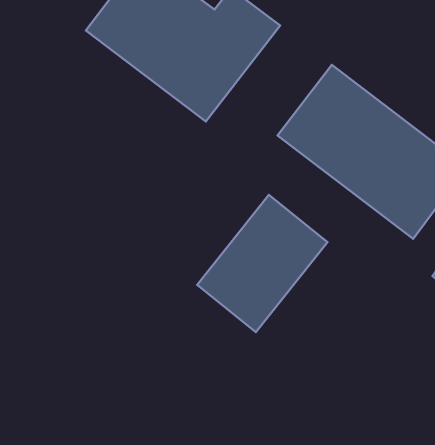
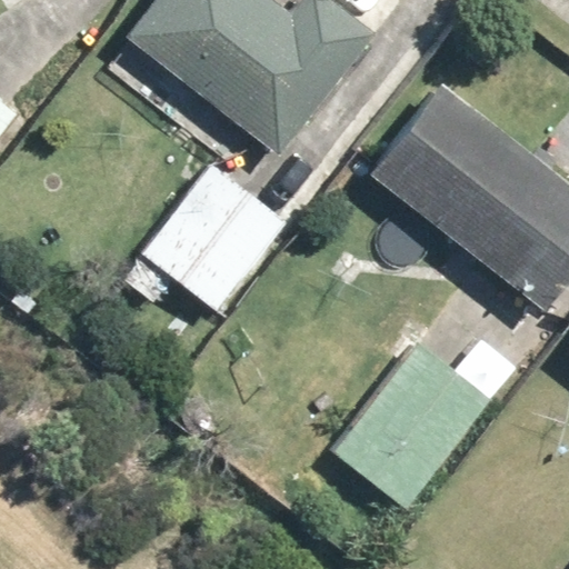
building: none -> [143,162,288,311]
building: [197,195,327,332] -> [329,339,495,513]

